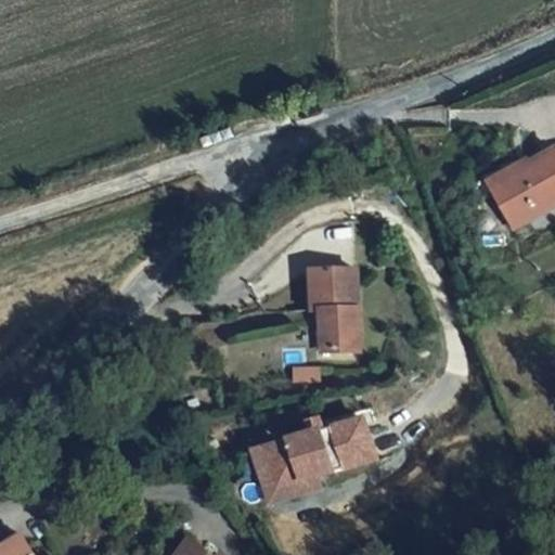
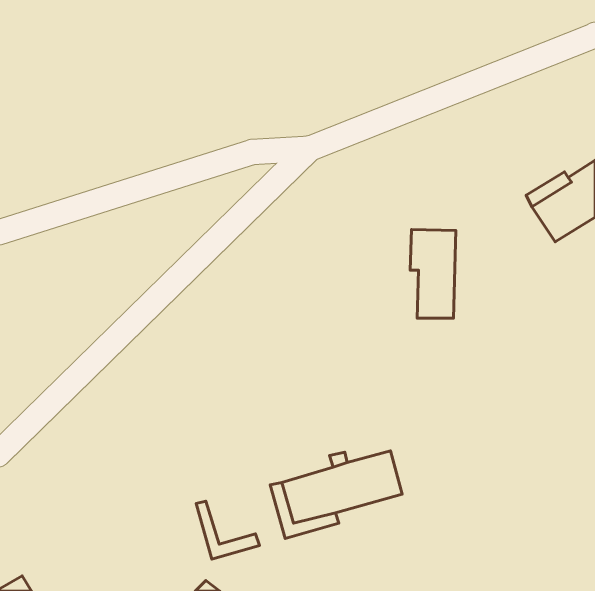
building: [313,269,356,351] -> [410,229,456,318]
building: none -> [196,501,260,559]

